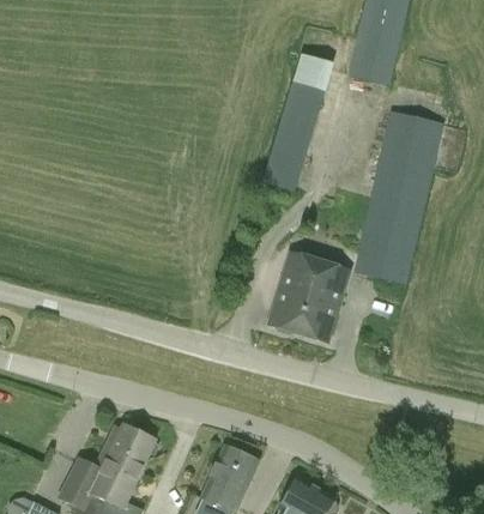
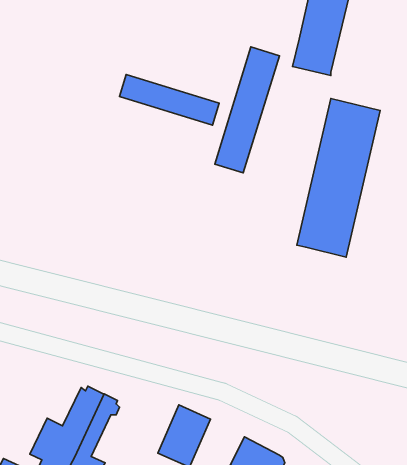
building: none -> [119,75,219,125]
building: [268,254,347,341] -> none

